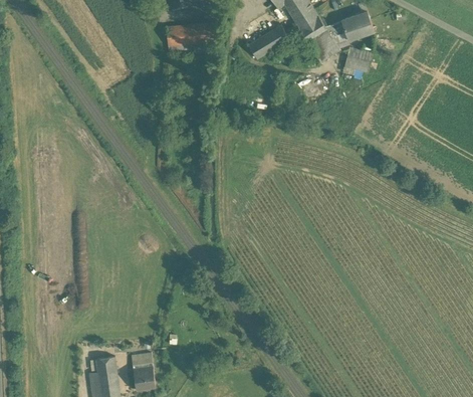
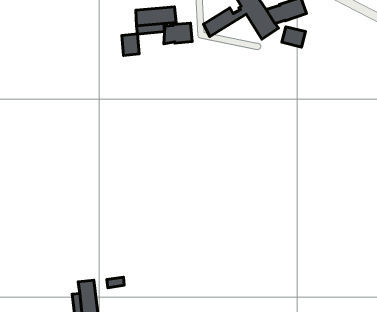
building: none -> [164,23,192,44]
building: none -> [122,34,139,55]
building: [132,363,155,390] -> none

